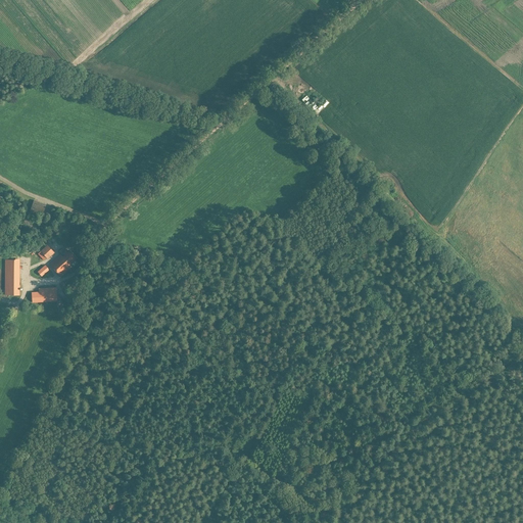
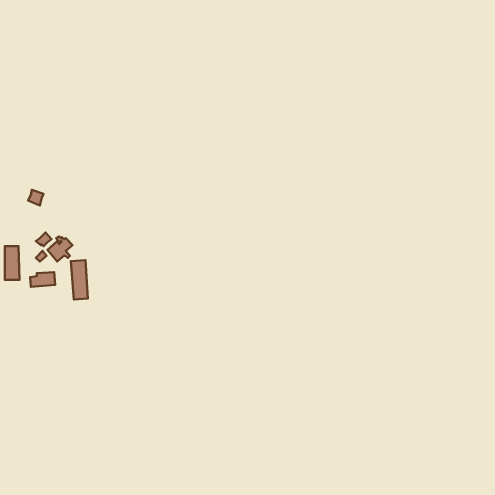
building: none -> [71,260,88,300]

